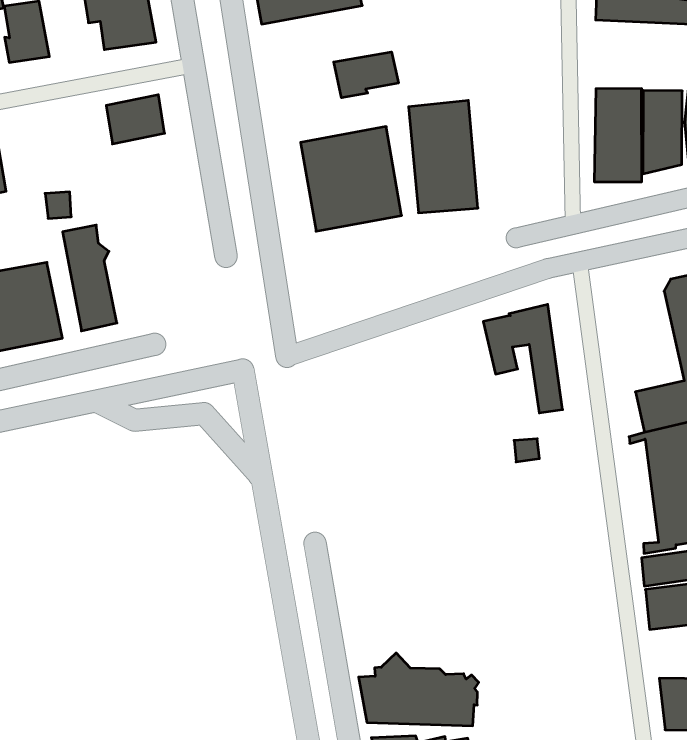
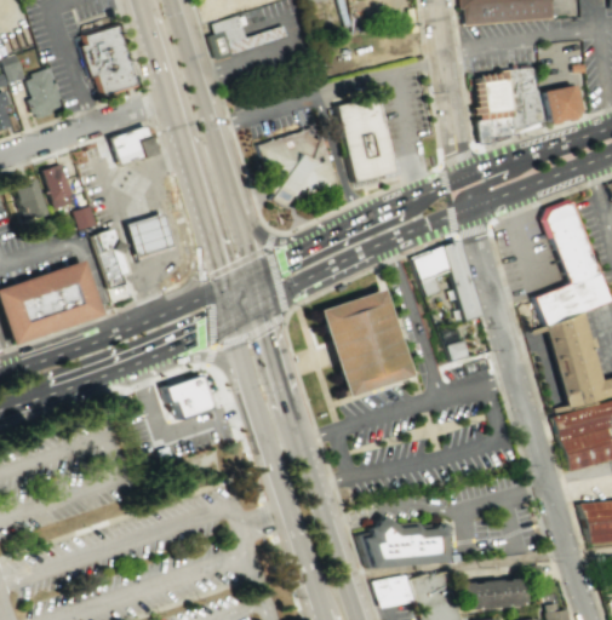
building: [334,52,398,98] -> none
building: none -> [46,163,75,207]
building: none -> [127,212,175,257]
building: none -> [321,288,411,396]
building: none -> [166,374,212,424]

